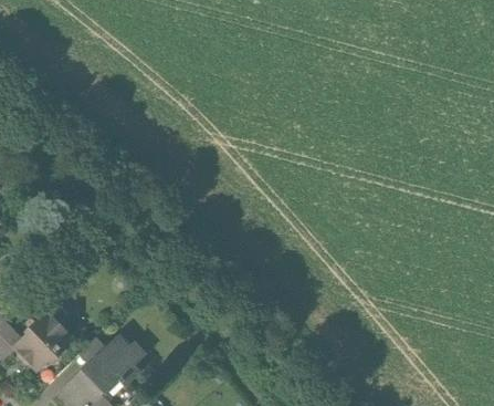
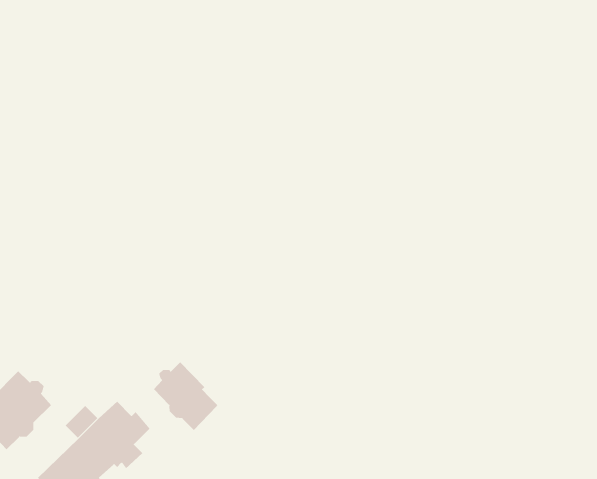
building: none -> [153,362,218,431]

